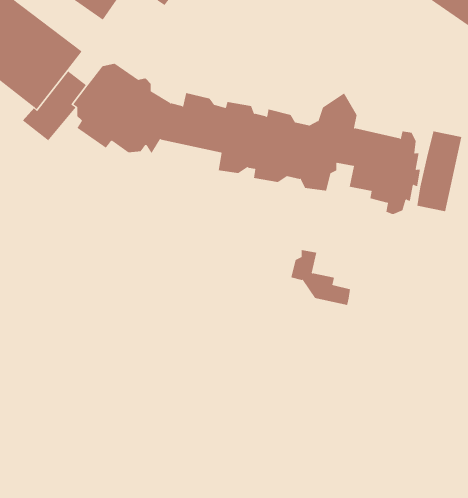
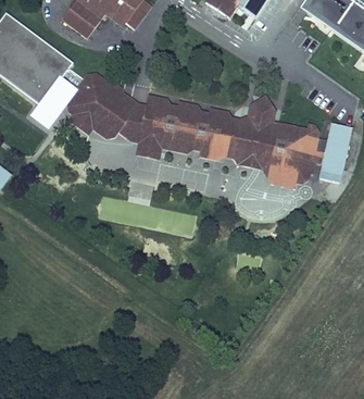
building: none -> [123,128,174,159]
building: [291,249,351,305] -> [252,146,297,187]

